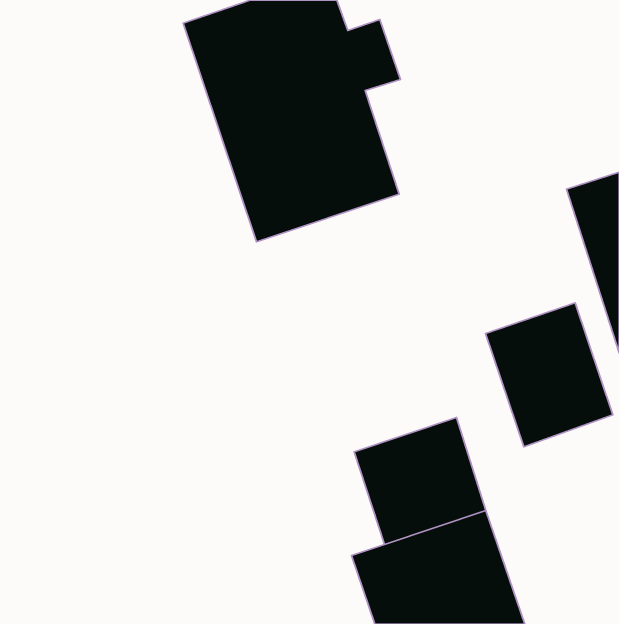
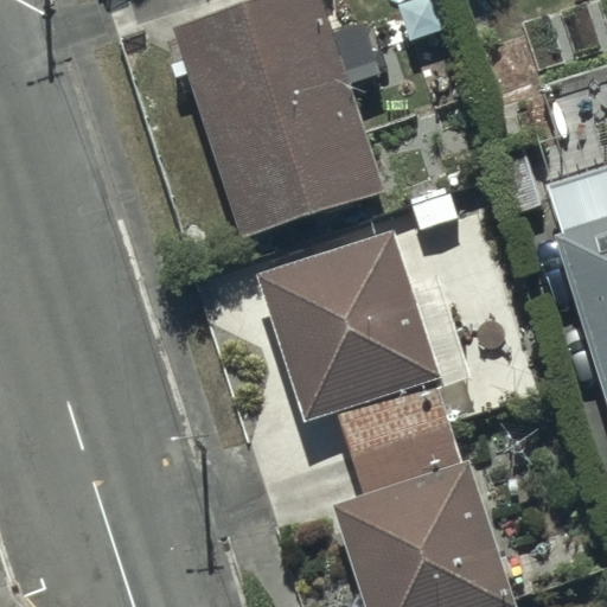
building: none -> [264,262,443,449]
building: [485,303,613,447] -> none

